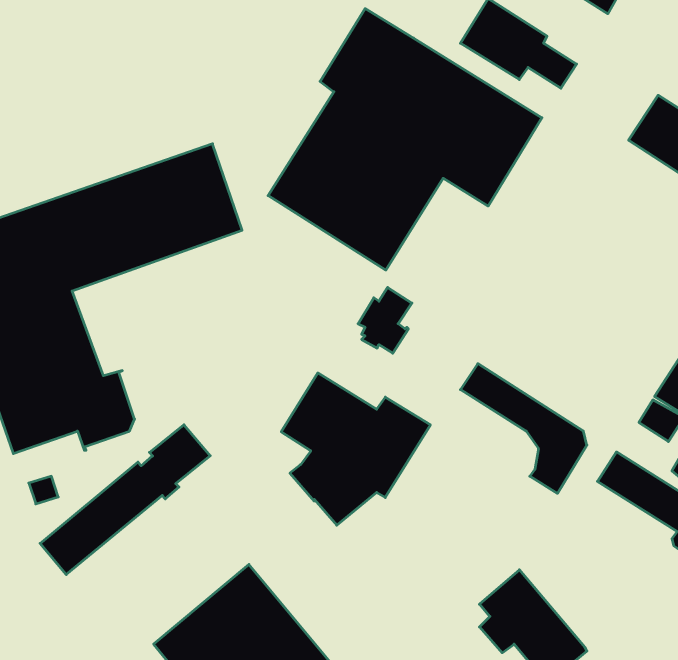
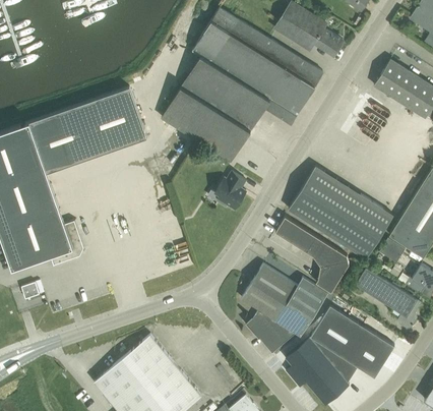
building: none -> [288,167,393,258]
building: [281,373,430,525] -> [241,265,328,354]
building: [40,425,210,575] -> none
building: none -> [309,306,394,384]

